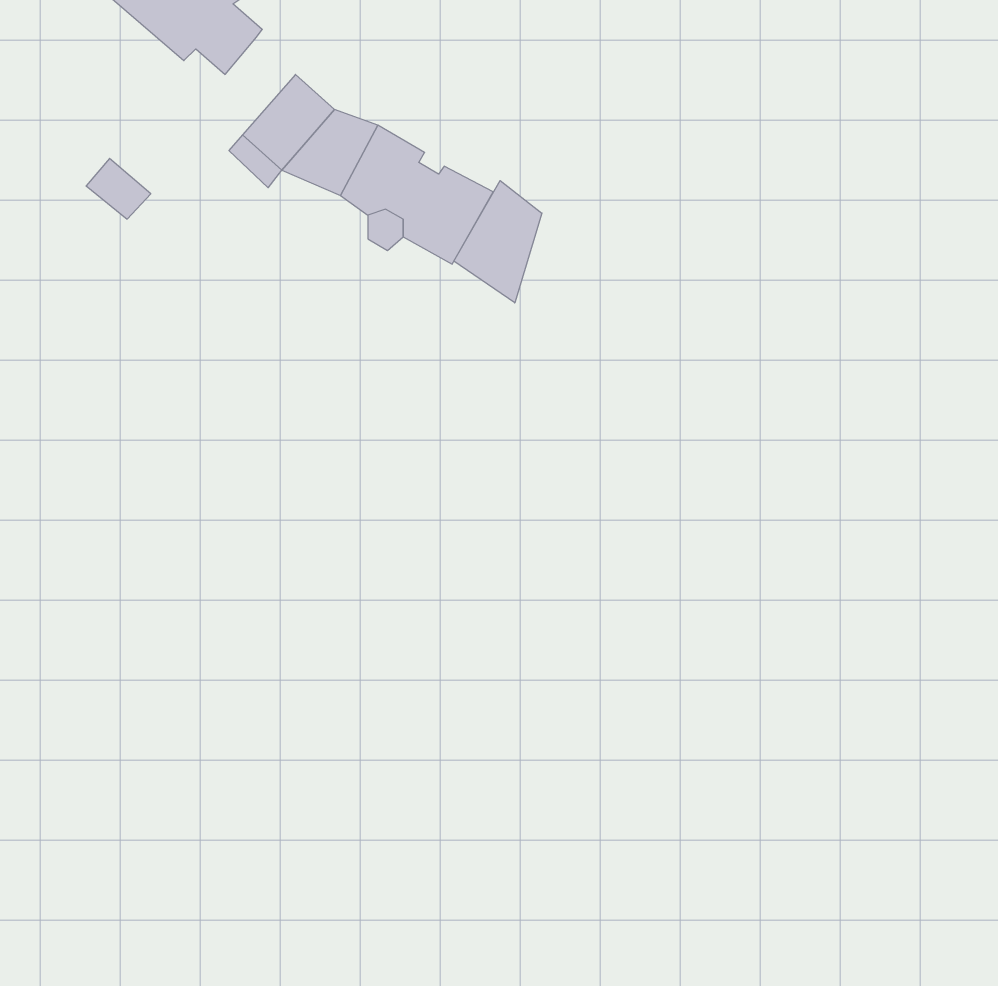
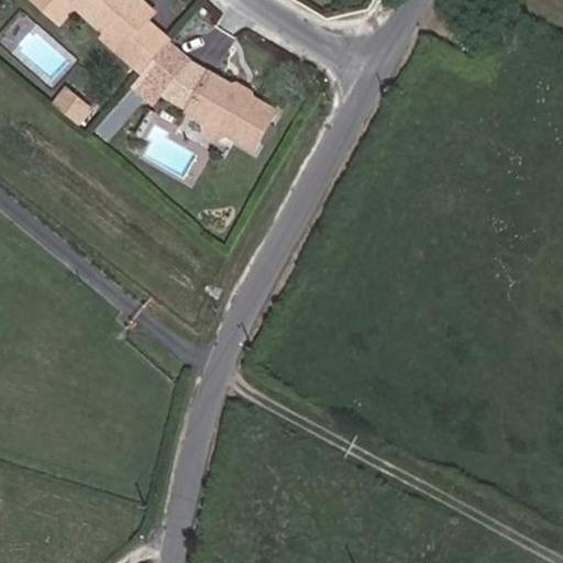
building: none -> [101,21,156,63]
building: [454,181,542,303] -> none

